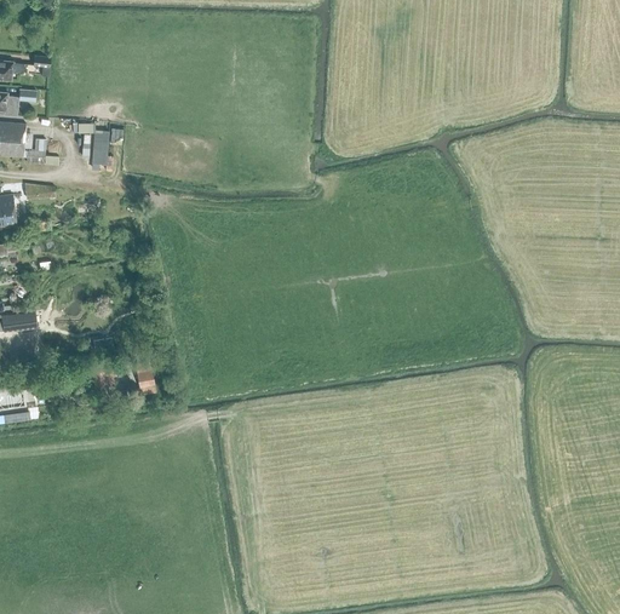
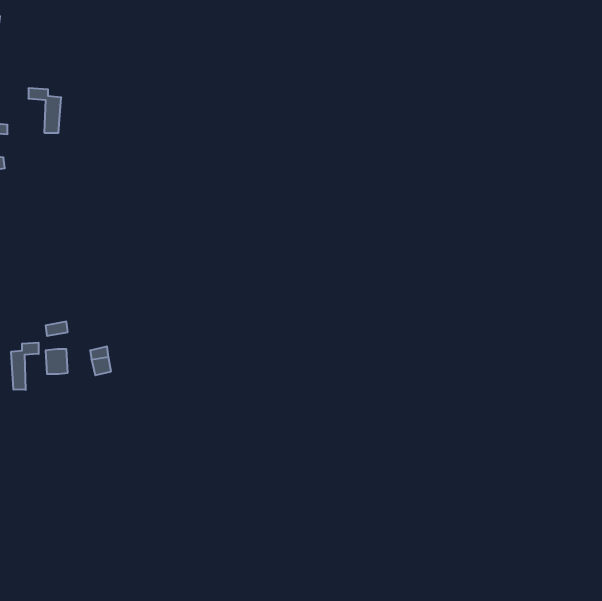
building: none -> [11,343,39,390]

